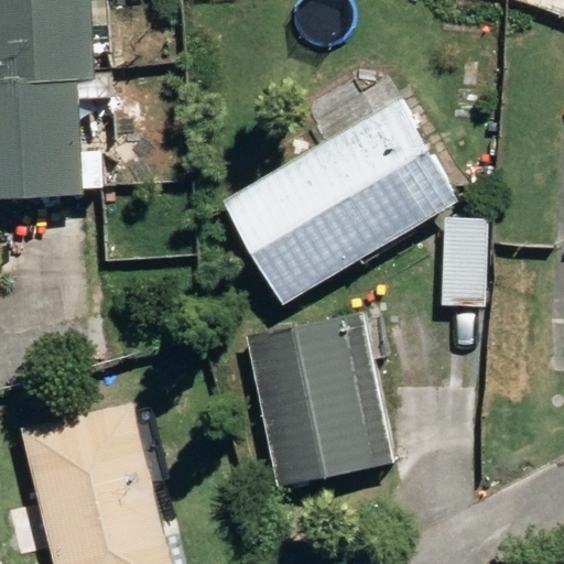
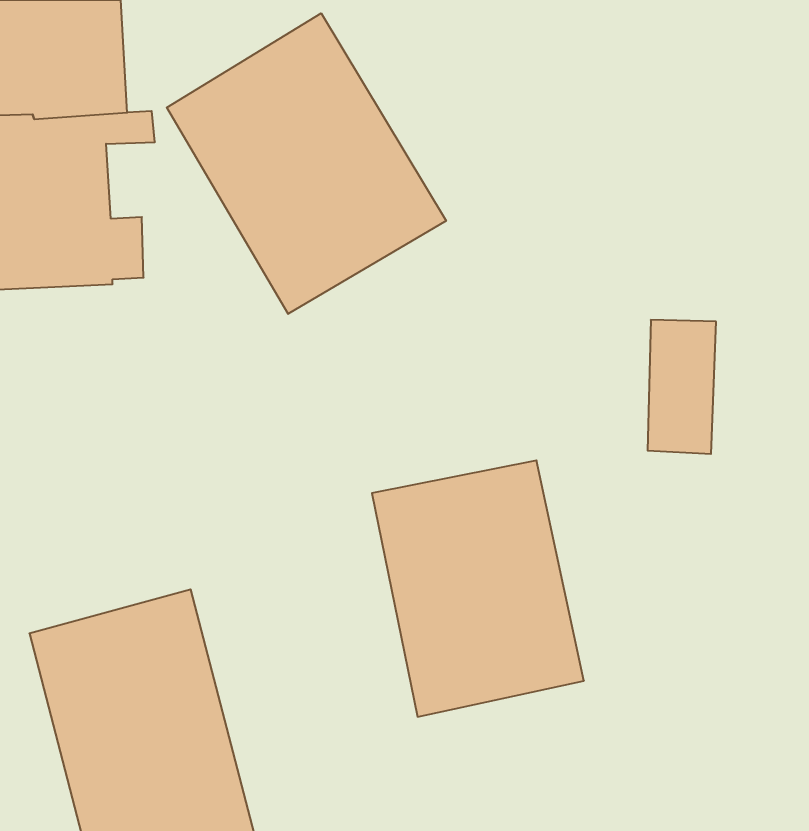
building: none -> [167,13,446,314]
building: [221,100,456,305] -> none

